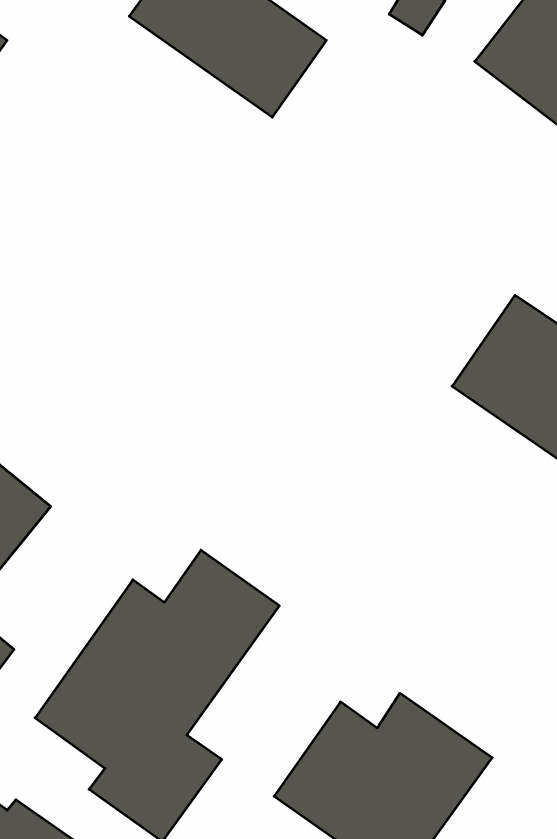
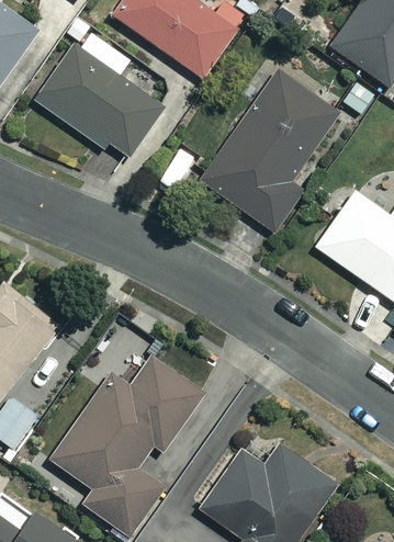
building: none -> [34,29,160,161]
building: none -> [200,70,344,228]

